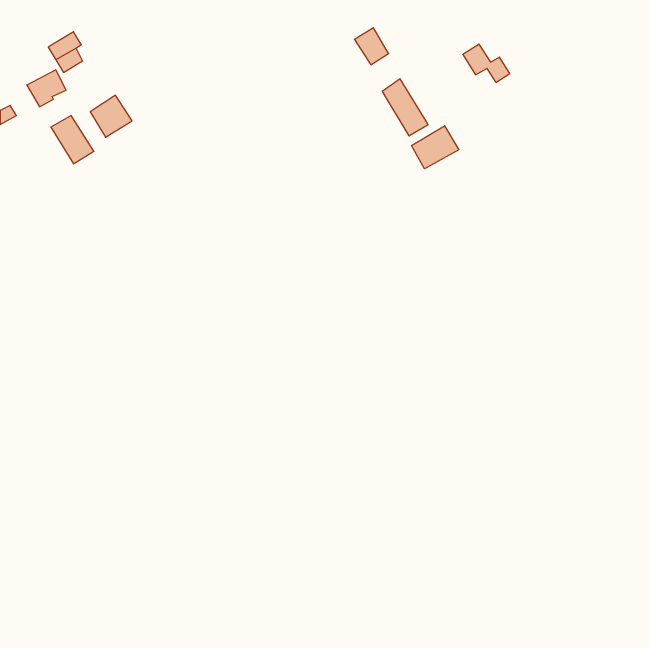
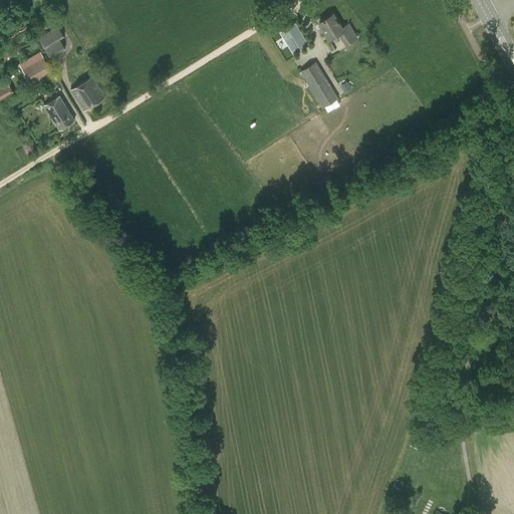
building: [463,44,510,82] -> [319,13,356,43]
building: [412,126,459,169] -> none

